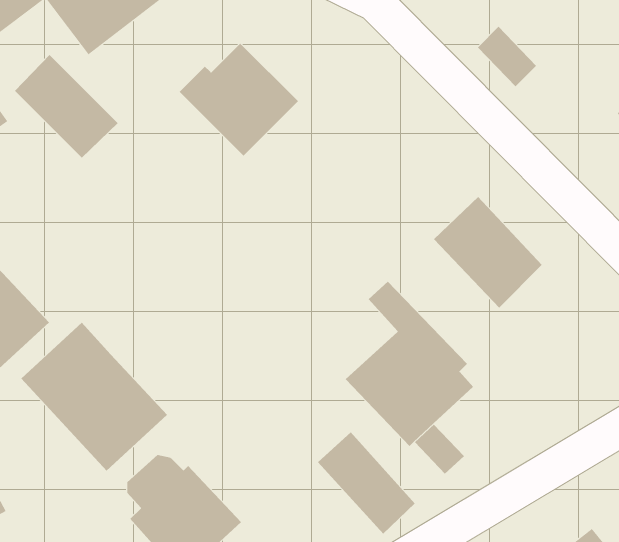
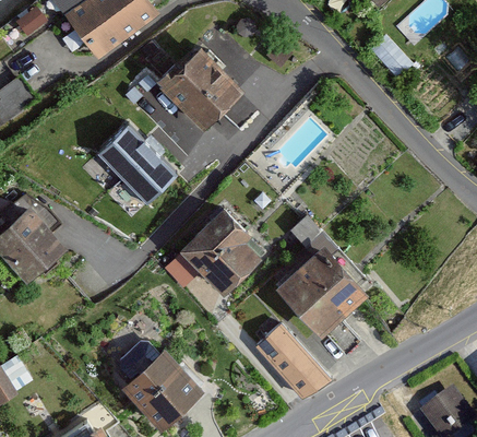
building: [14,54,119,159] -> [99,129,174,203]
building: [433,196,543,308] -> none
building: none -> [180,208,260,293]
building: [20,322,168,472] -> none

